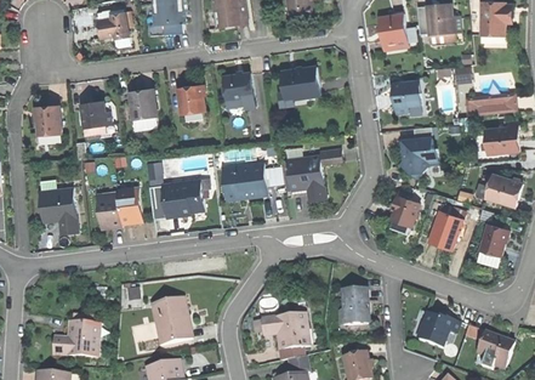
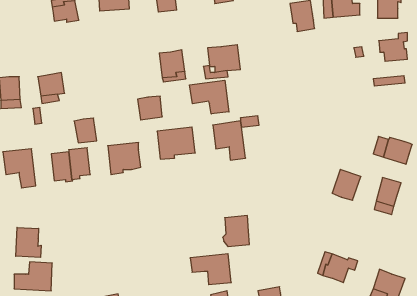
building: [391,80,421,113] -> none
building: [177,85,206,113] -> [138,96,162,120]
building: [129,89,155,118] -> [74,118,97,143]
building: none -> [190,80,229,114]
building: [484,120,518,154] -> [379,33,407,61]
building: [400,125,436,176] -> none
building: [391,192,417,227] -> none
building: none -> [16,227,41,257]
building: [337,289,369,325] -> [223,216,249,247]
building: [150,296,188,344] -> none

